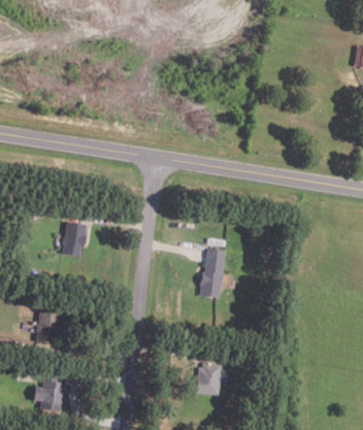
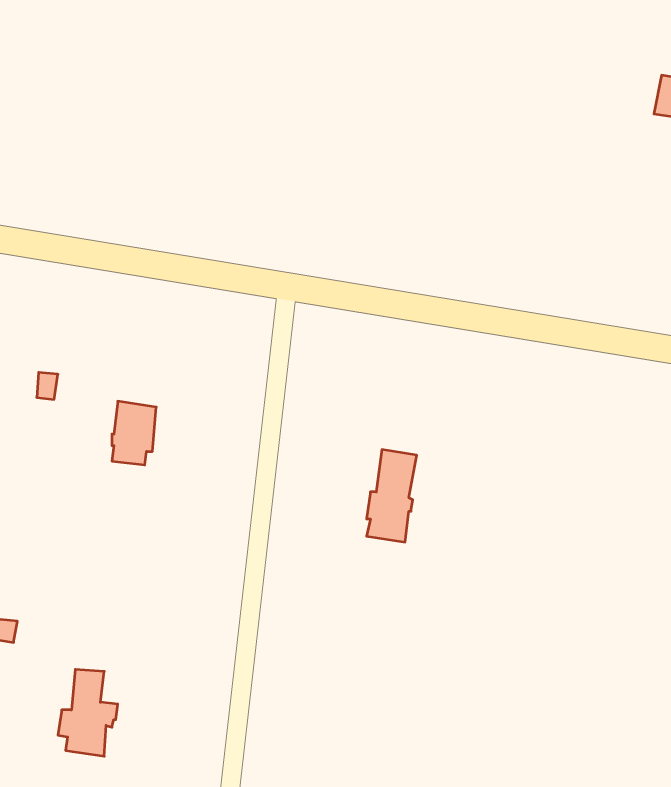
building: [35,310,60,344] -> none
building: [194,363,221,396] -> none

